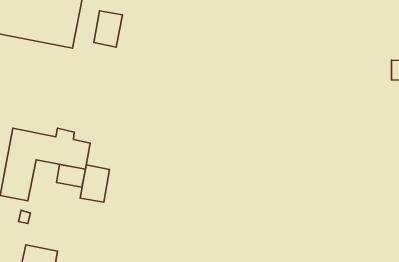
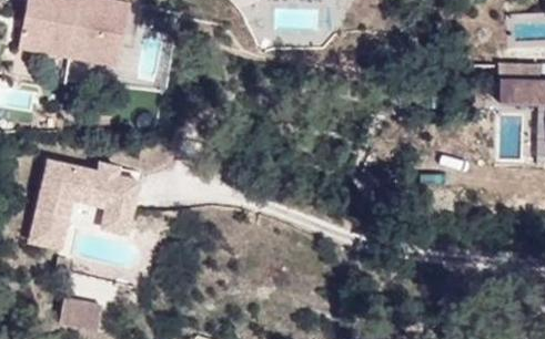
building: [94,11,122,47] -> none
building: [80,165,109,202] -> none

